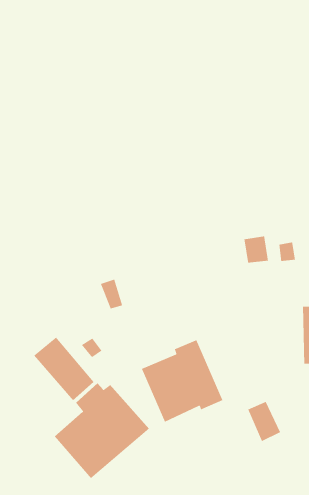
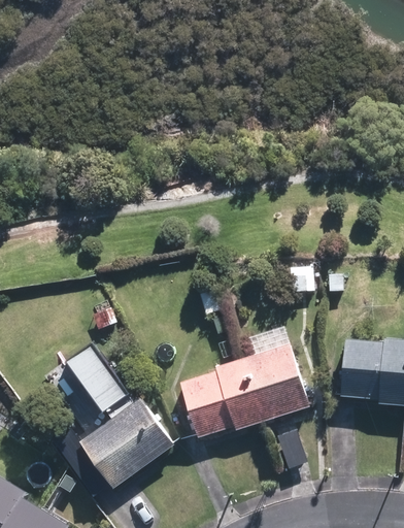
building: none -> [234,344,305,424]

